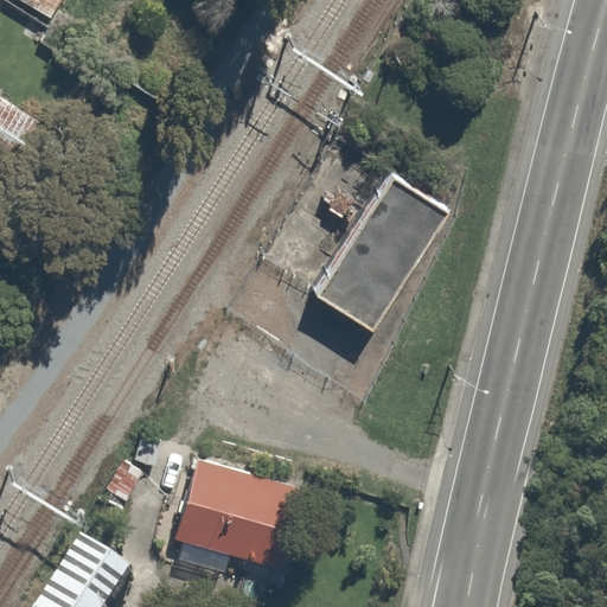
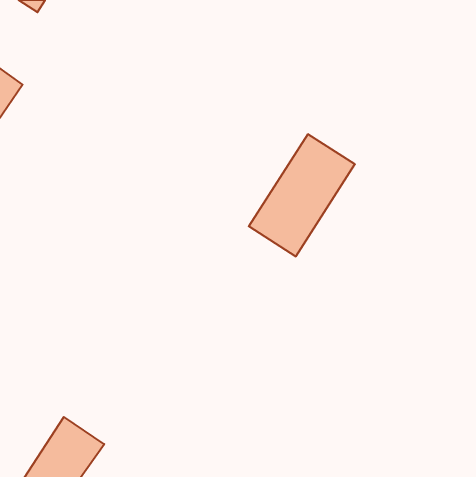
building: [171,461,293,571] -> none

